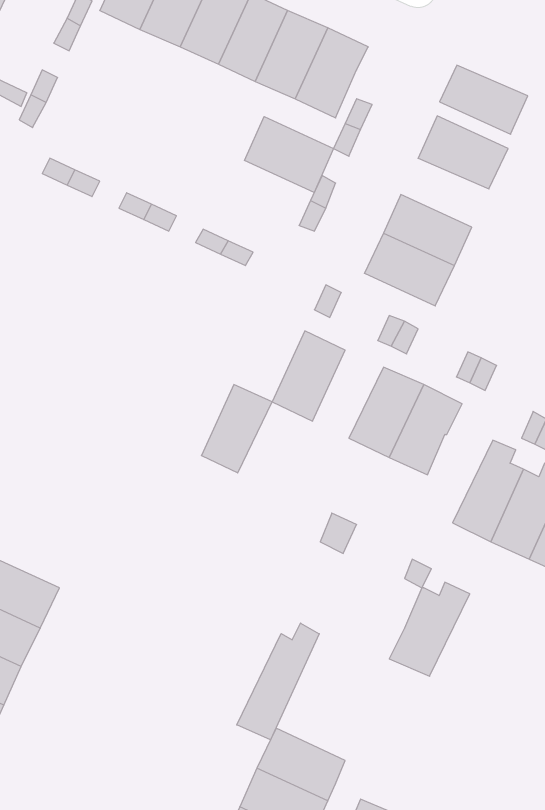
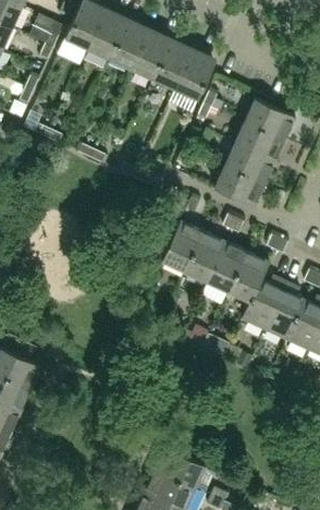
building: [440,65,528,134] -> [234,123,284,162]
building: [245,117,334,192] -> none
building: [201,385,272,473] -> [184,232,224,282]
building: [389,582,470,676] -> [241,277,286,330]
building: [237,623,319,740] -> none

